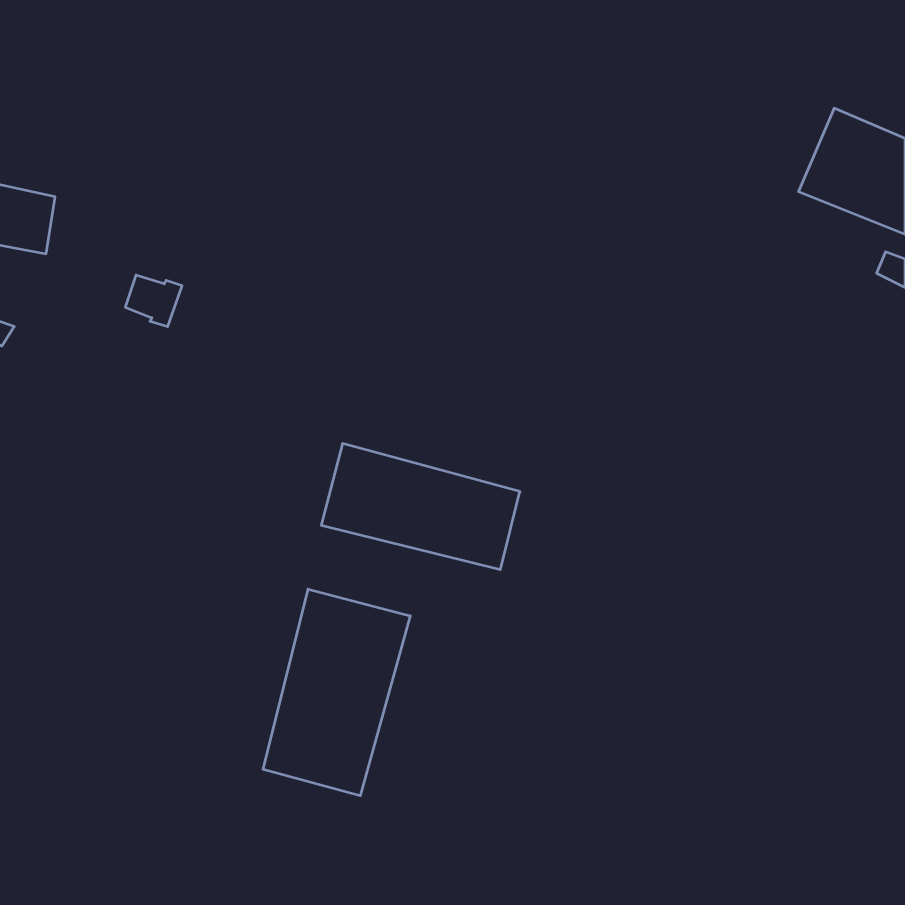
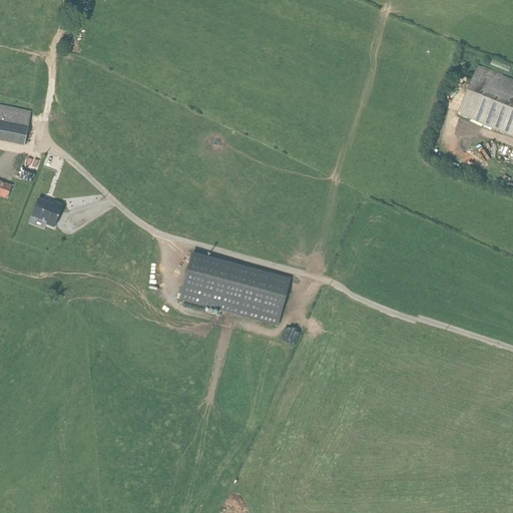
building: [125,275,182,327] -> [30,198,62,227]
building: [263,589,410,796] -> none

